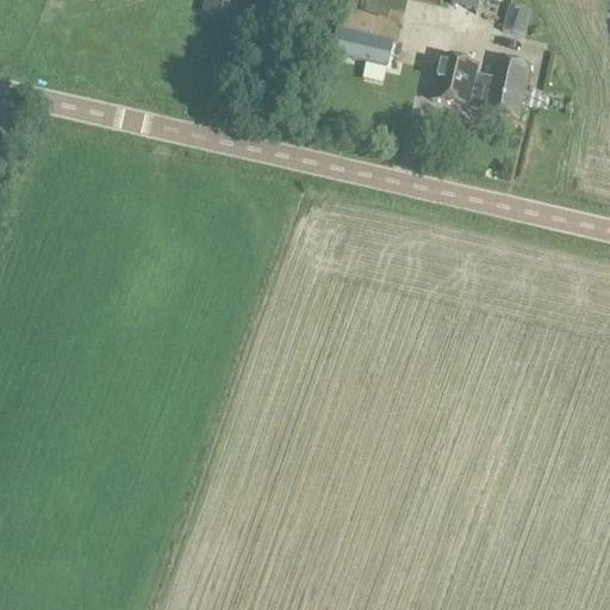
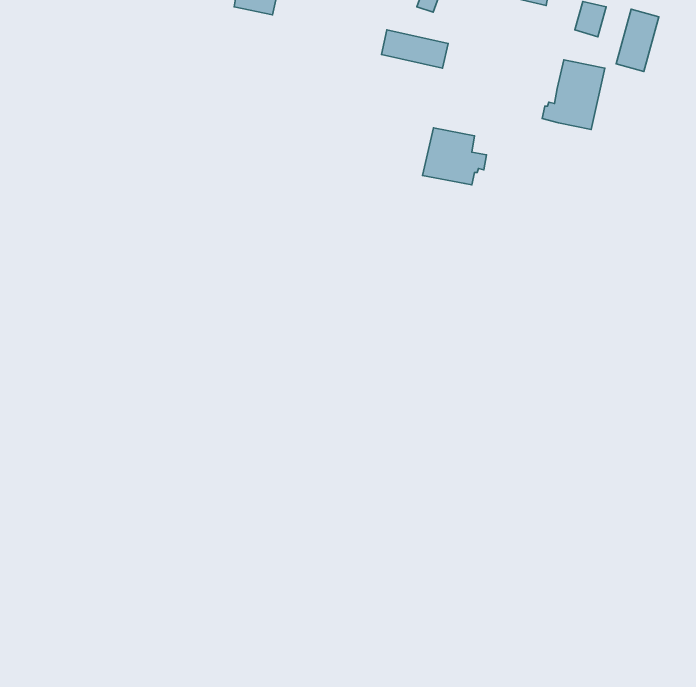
building: none -> [616,9,659,71]
building: [431,54,487,104] -> [423,128,487,185]

